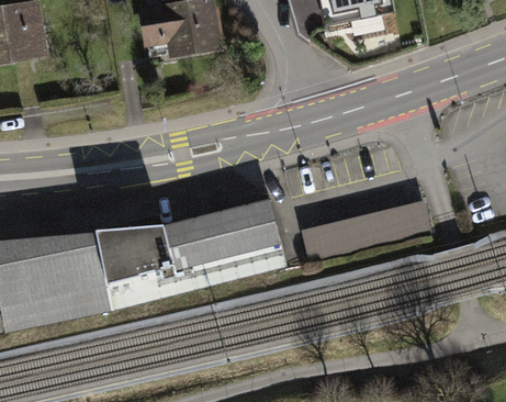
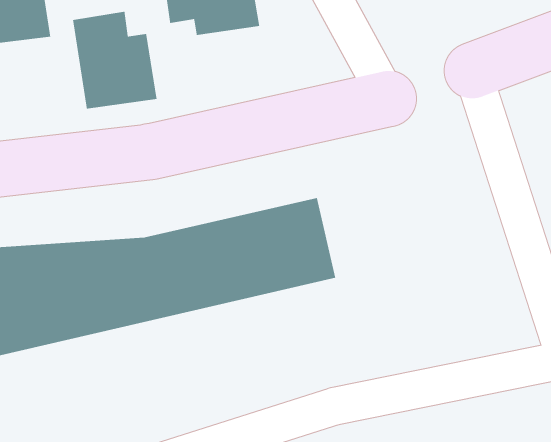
building: none -> [72,11,158,109]
building: [299,197,428,256] -> none

